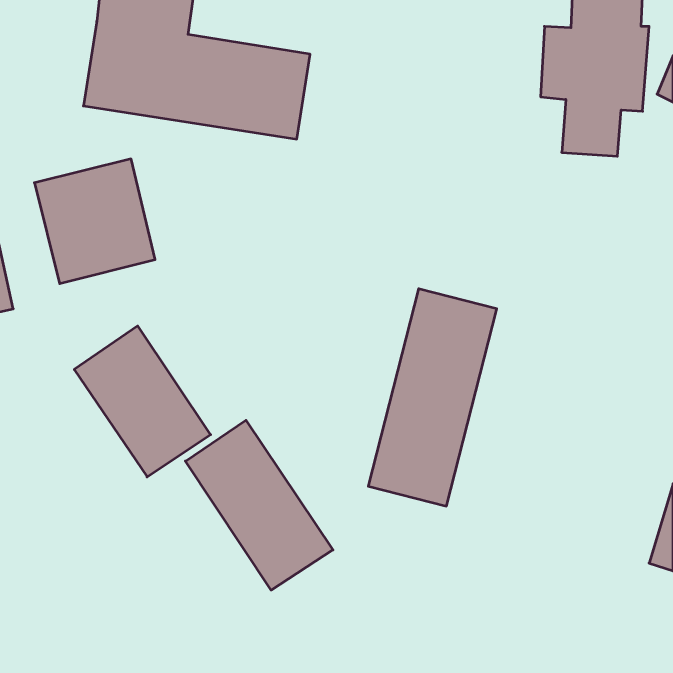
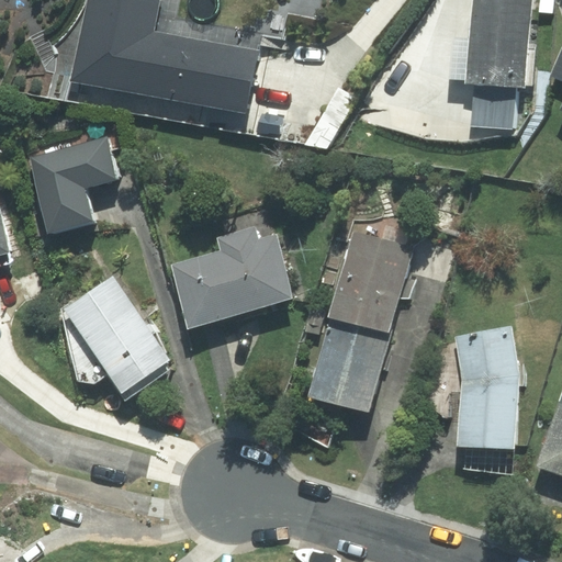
building: none -> [168,231,296,334]
building: none -> [426,329,513,456]
building: [185,420,333,590] -> none

